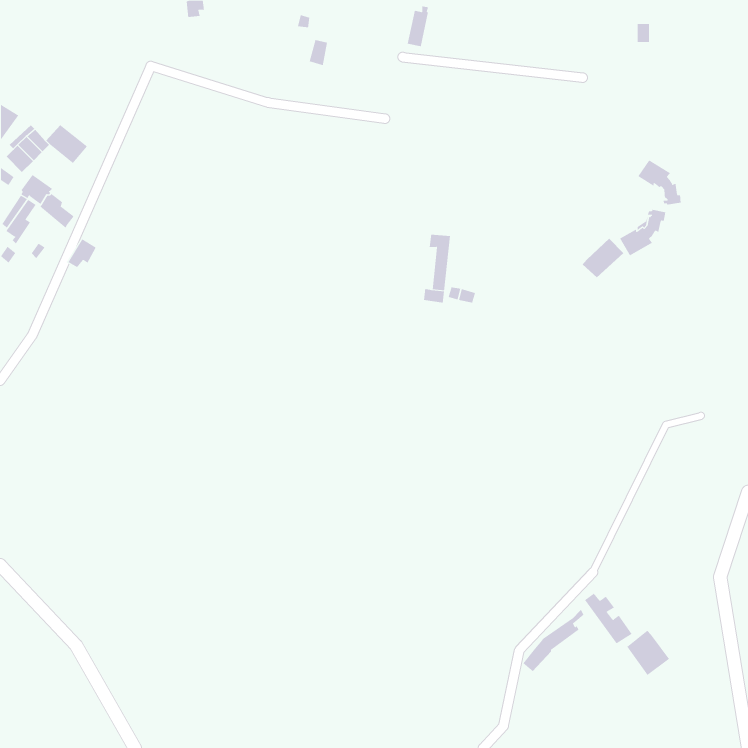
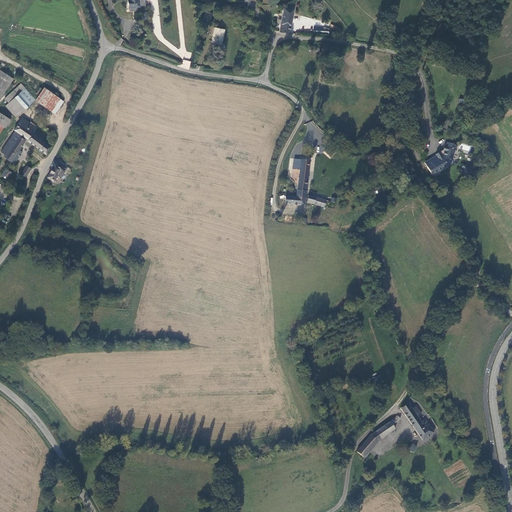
building: [638,159,681,206] -> none
building: [582,238,624,278] -> none
building: [627,630,670,676] -> none

